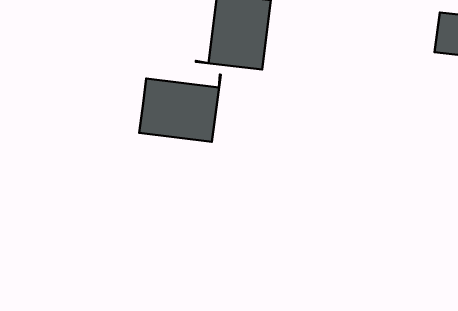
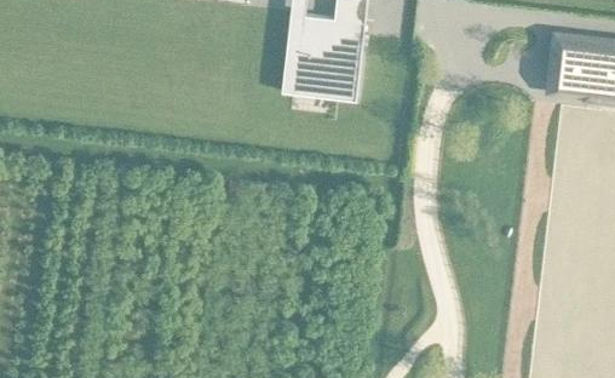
building: [139,74,221,142] -> none

